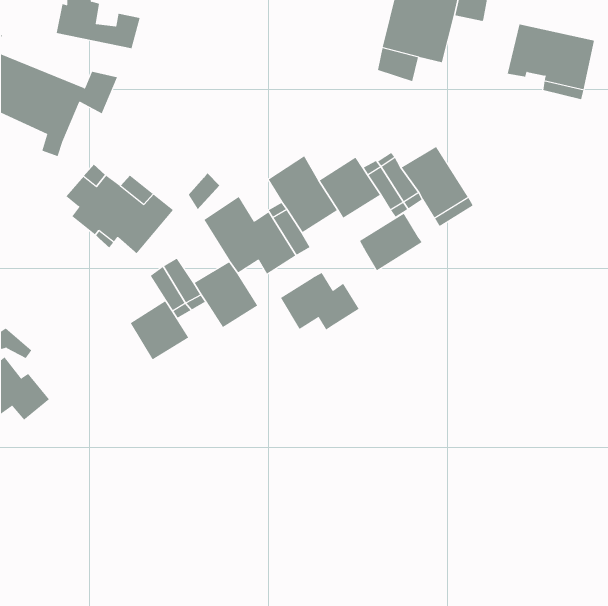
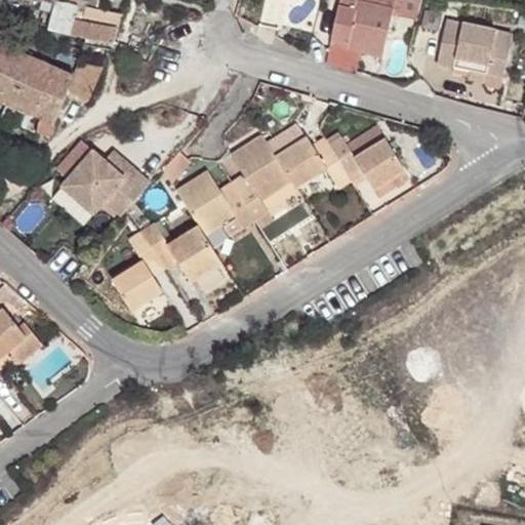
building: [359,213,422,271] -> none
building: [280,272,360,331] -> none

